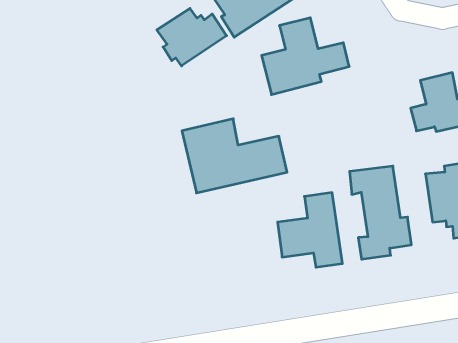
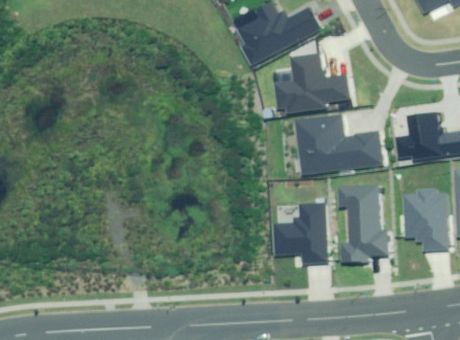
building: [157,8,227,66] -> none
building: [182,119,287,193] -> [298,113,384,173]

